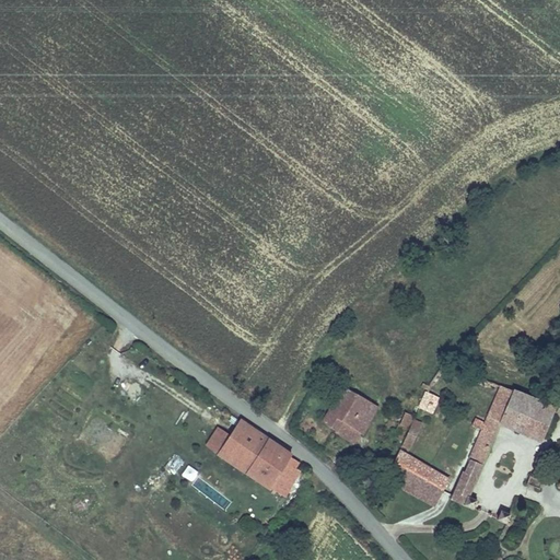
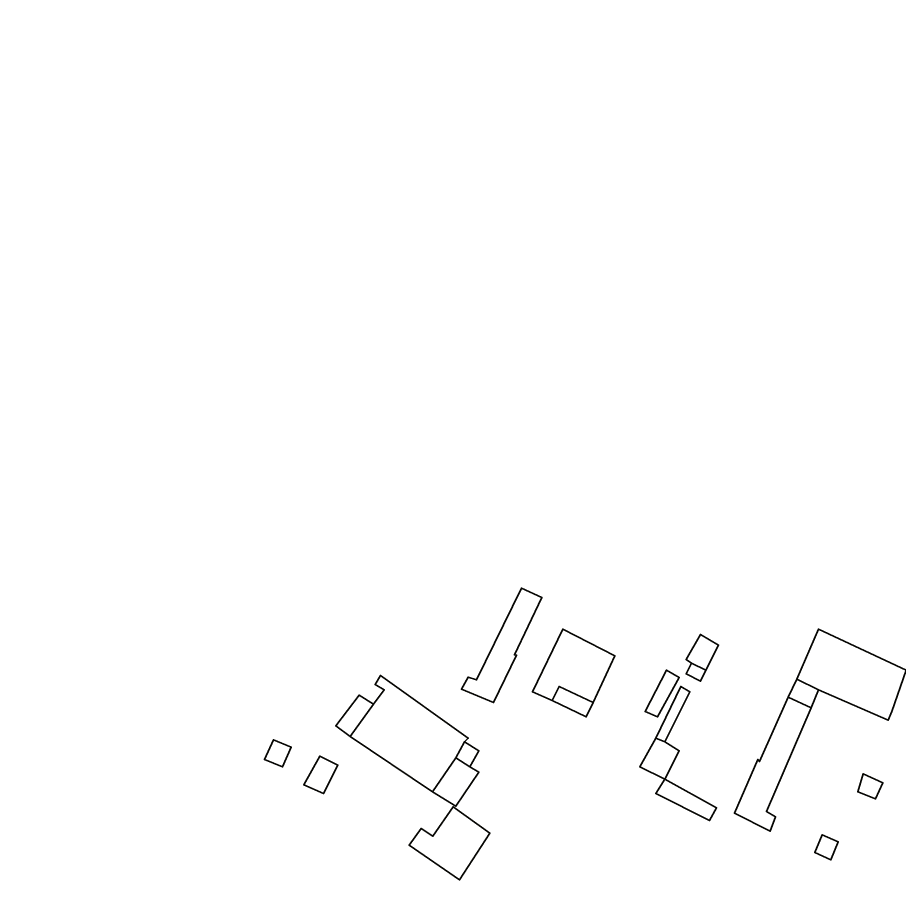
building: none -> [461,588,542,703]
building: [407,459,447,494] -> none
building: none -> [409,807,490,880]

